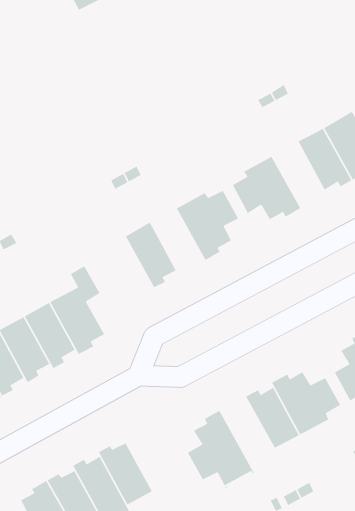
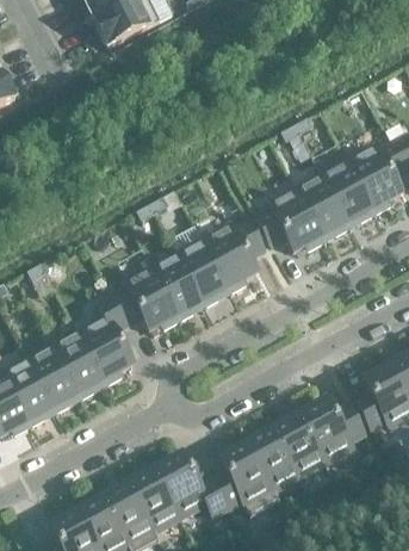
building: none -> [297,174,352,242]
building: none -> [178,240,233,308]
building: none -> [113,267,182,330]
building: none -> [244,422,299,500]
building: none -> [150,453,229,518]

